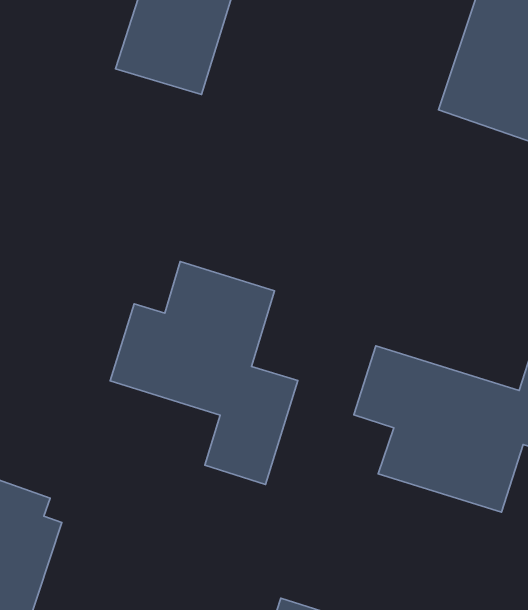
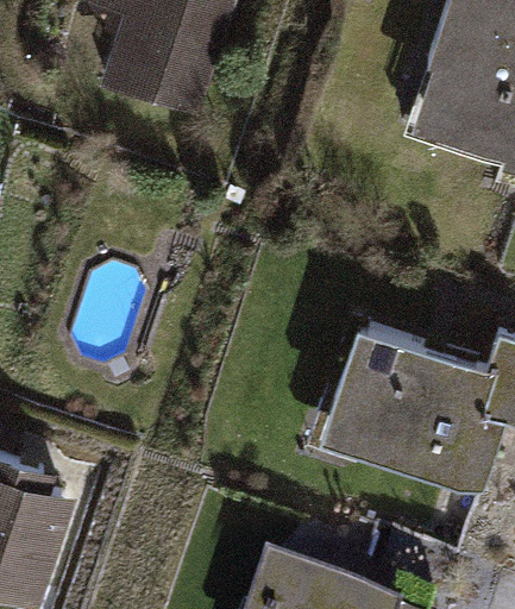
building: [110,261,298,484] -> none

